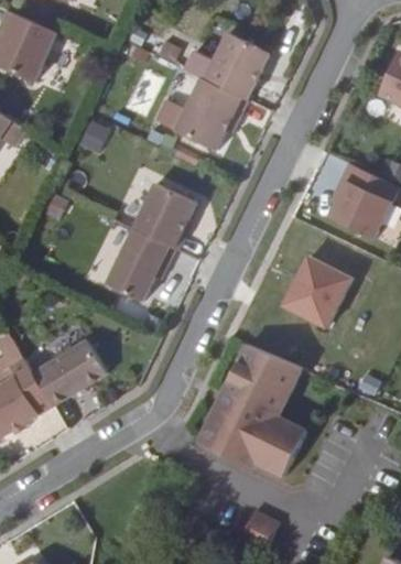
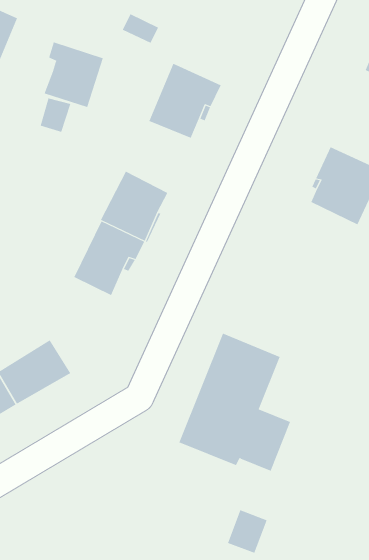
building: [204,33,269,100] -> none
building: none -> [44,41,103,108]
building: [272,243,345,321] -> none

